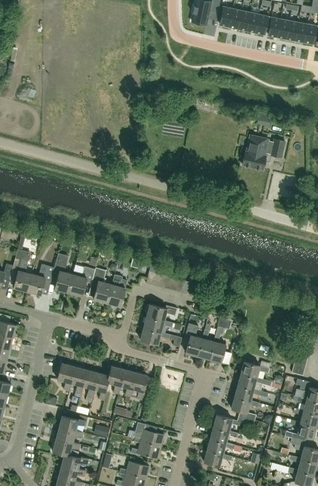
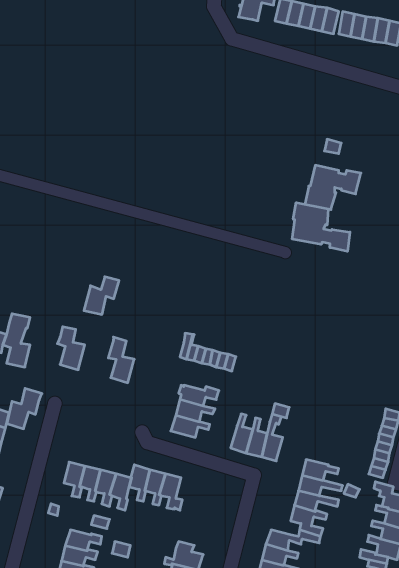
building: none -> [292,203,350,251]
building: [27,263,54,294] -> [7,388,42,429]
building: [68,266,95,295] -> [84,277,119,314]
building: [106,274,126,305] -> none

